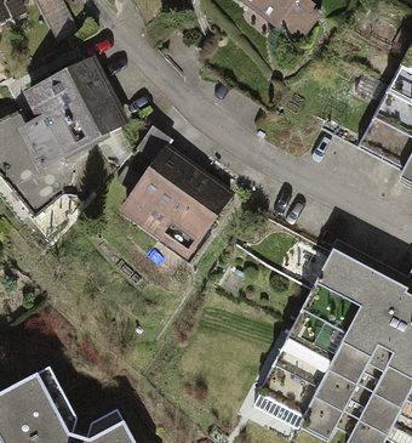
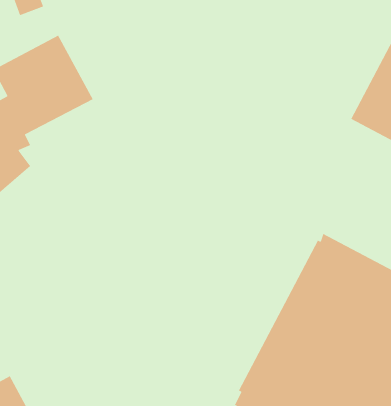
building: [126,149,230,251] -> none

